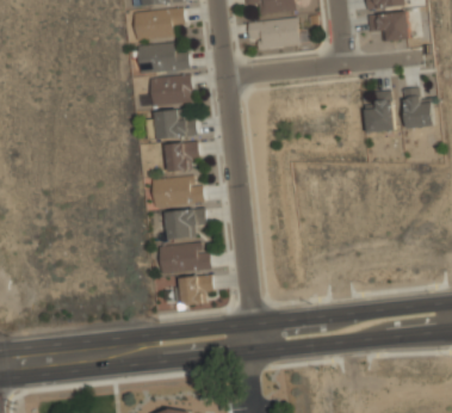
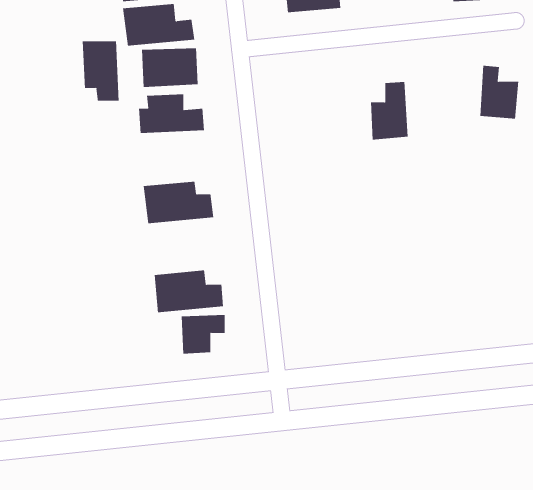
building: none -> [82,40,119,102]
building: [365,88,394,132] -> [370,81,408,140]
building: [166,141,198,171] -> none
building: [163,205,206,239] -> none

